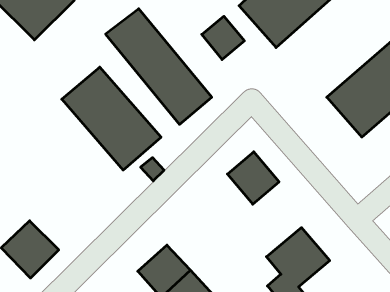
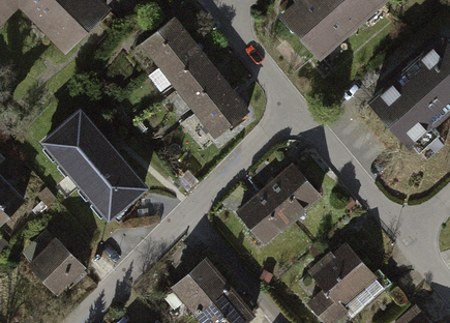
building: [202,16,244,60] -> none
building: [62,67,161,170] -> [38,105,144,214]
building: none -> [238,188,295,245]

